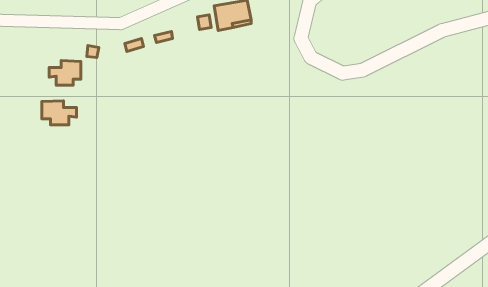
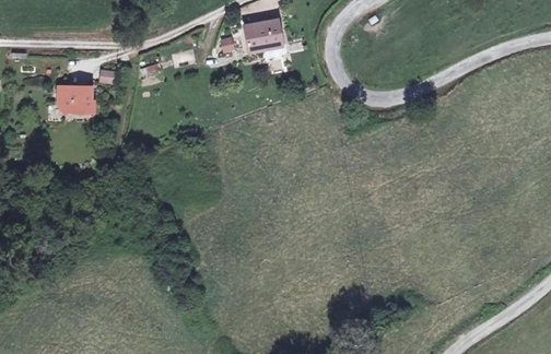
building: [42,101,77,125] -> none

